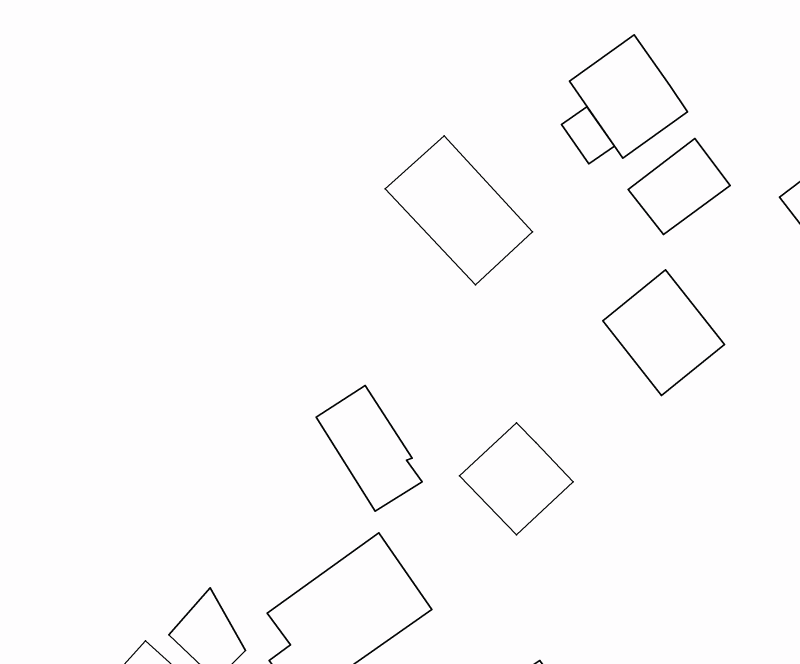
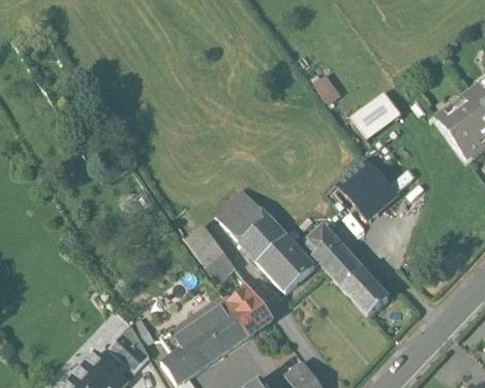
building: [570,35,687,158] -> none
building: [385,136,532,285] -> [214,187,292,265]
building: none -> [302,228,388,317]
building: none -> [223,284,272,335]

